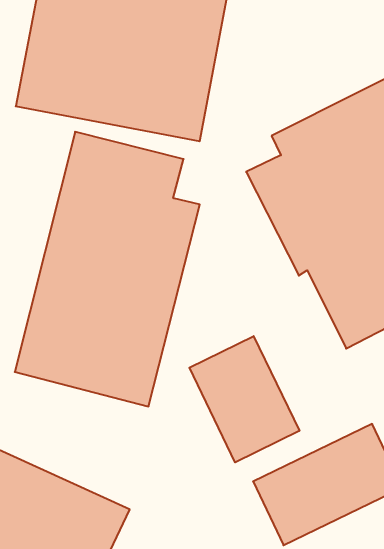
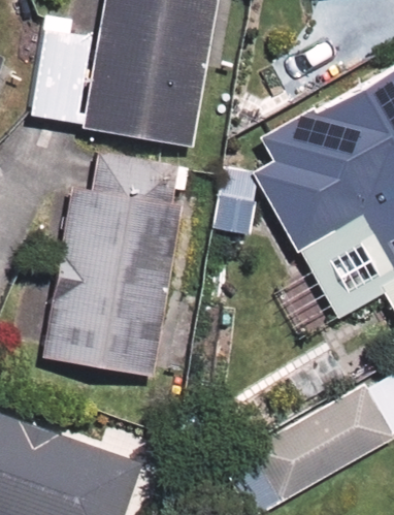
building: [189,336,299,462] -> none

